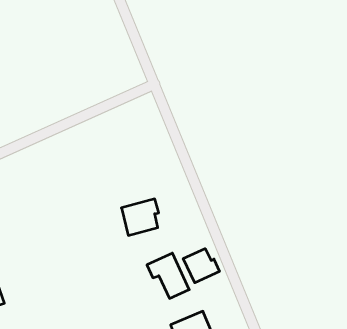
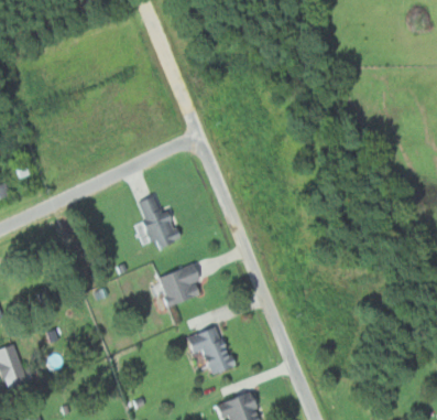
building: none -> [135,195,181,249]
building: [183,249,219,283] -> none

